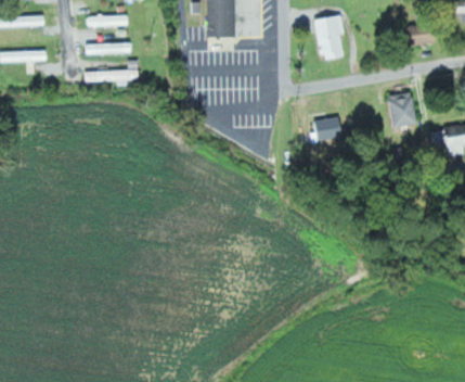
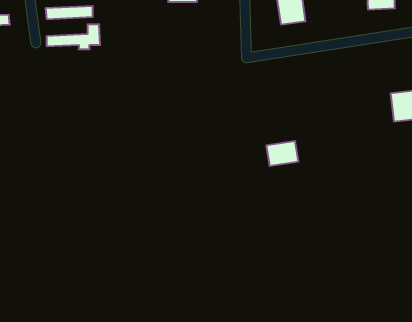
building: [386,91,418,129] -> none
building: [312,116,345,141] -> [266,141,298,166]

